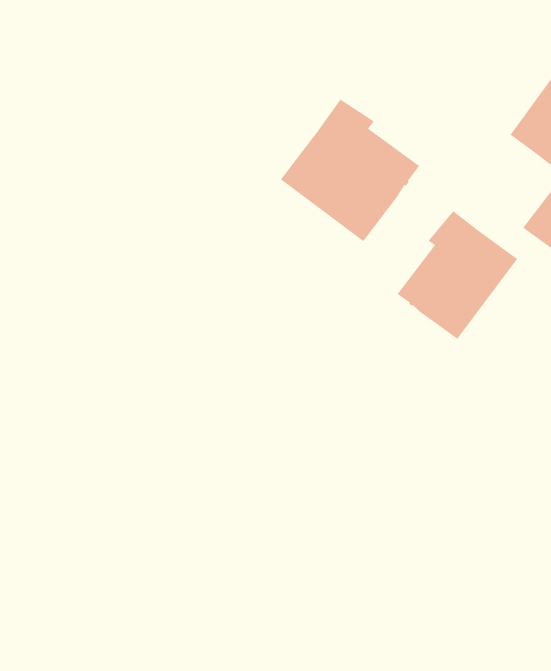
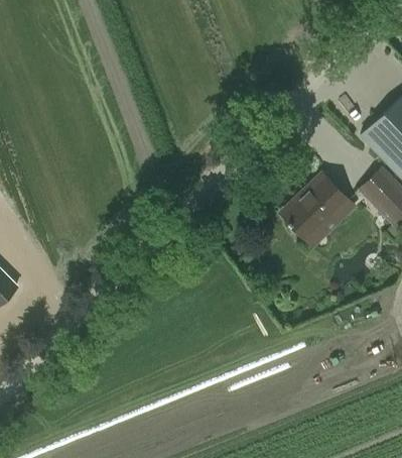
building: [280,98,420,242] -> none

